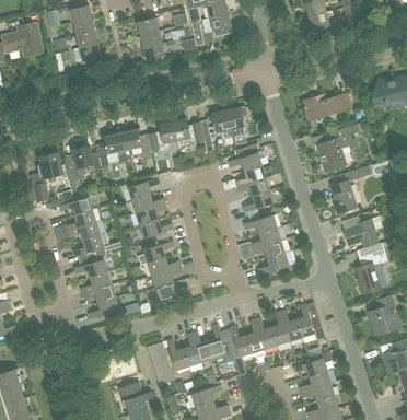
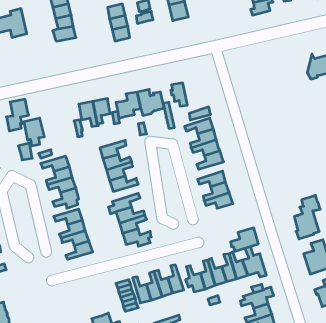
building: [302,93,350,121] -> none
building: [225,107,246,137] -> none
building: [315,125,358,172] -> none
building: [67,145,93,183] -> [6,99,29,131]
building: [330,166,371,213] -> none
building: [341,217,382,248] -> none
building: [257,253,290,280] -> [231,228,258,251]

